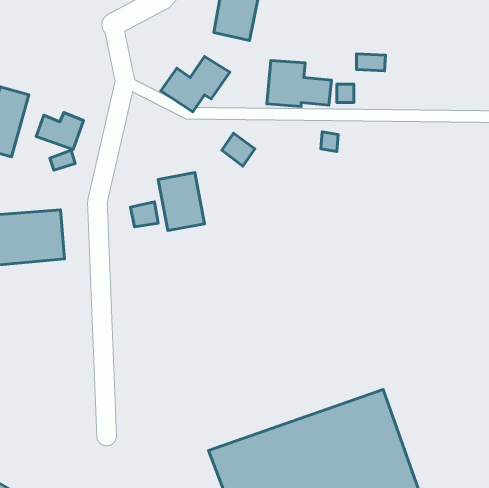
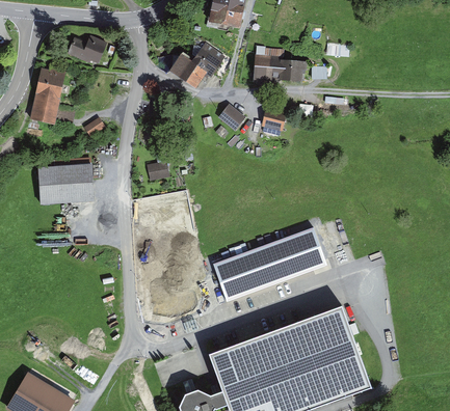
building: [36,113,84,150] -> [68,37,105,66]
building: [158,173,204,231] -> none
building: none -> [210,225,323,294]

